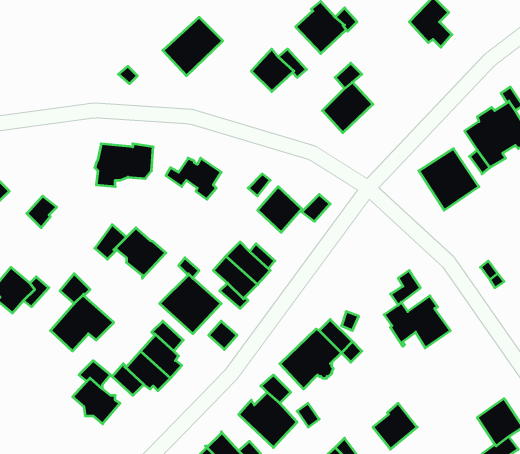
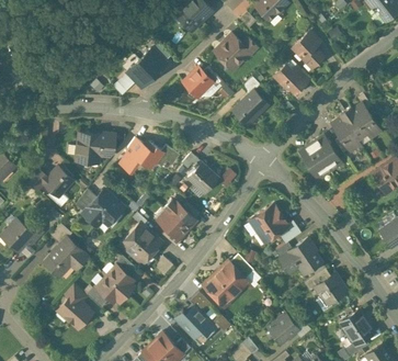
building: none -> [277,65,310,94]
building: none -> [43,167,72,196]
building: none -> [249,204,283,240]
building: none -> [304,271,346,303]

